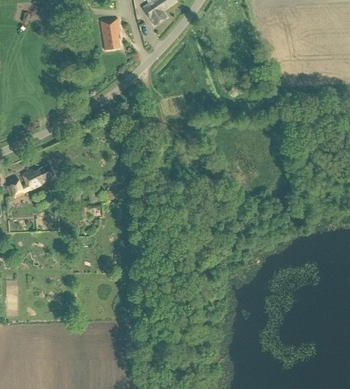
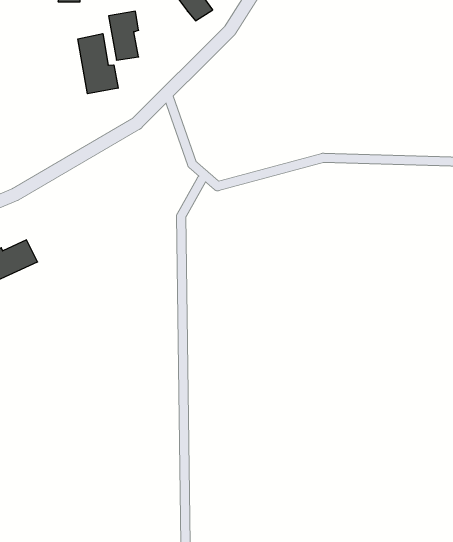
building: none -> [78,34,118,94]

